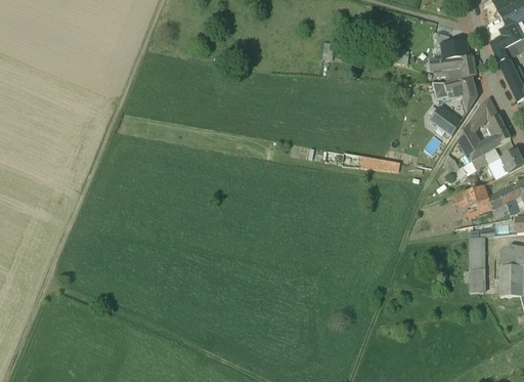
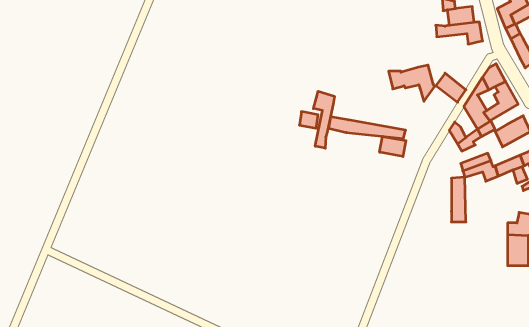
building: [432,76,477,112] -> [389,65,434,101]
building: none -> [313,91,334,148]
building: none -> [380,136,406,157]
building: [469,237,483,281] -> [451,177,466,222]

